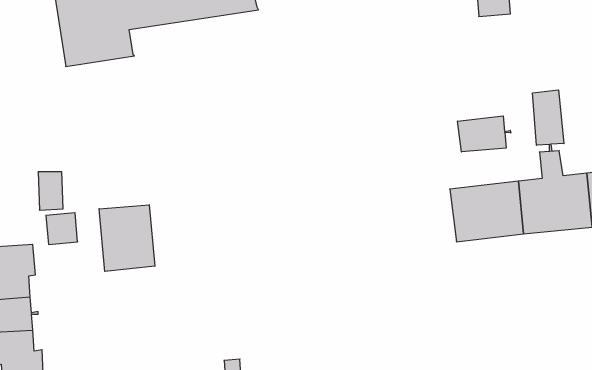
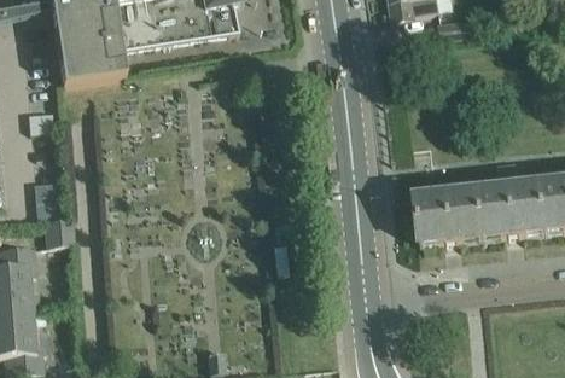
building: [533,90,564,151] -> none
building: [458,116,511,152] -> none
building: [99,205,155,271] -> none

